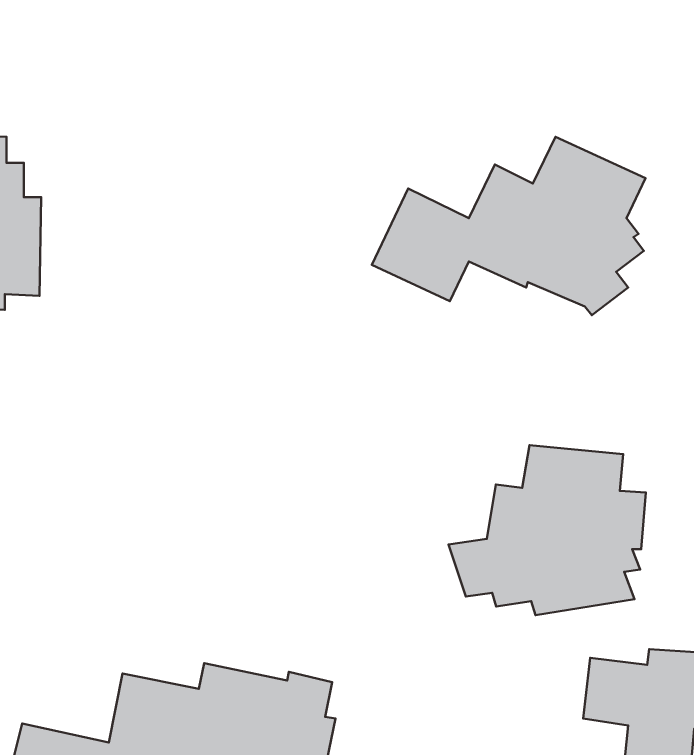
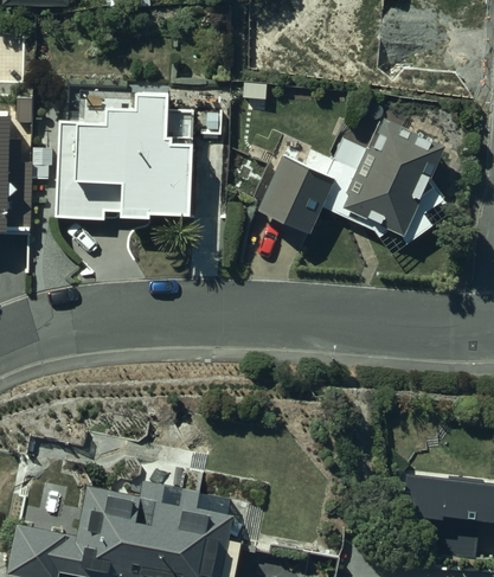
building: none -> [56,88,194,225]
building: [448,445,646,615] -> none

